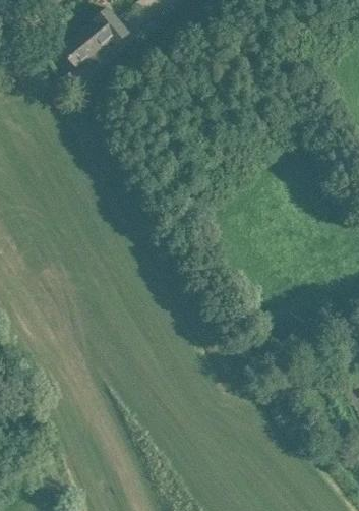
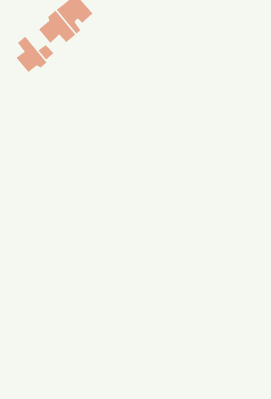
building: none -> [16,36,47,73]

